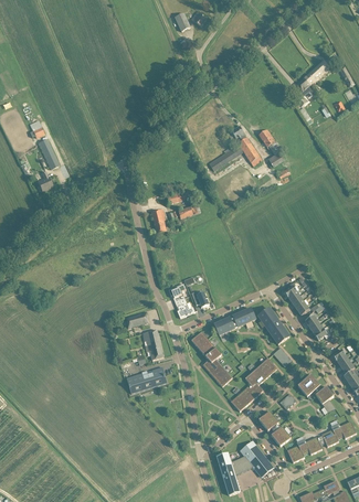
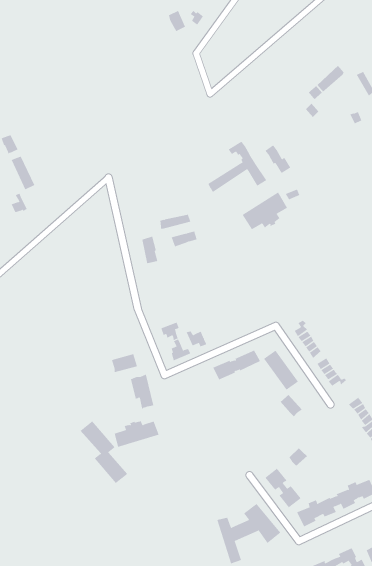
building: none -> [242,192,288,230]
building: [190,331,232,386] -> [80,421,128,484]
building: [230,357,276,410] -> none
building: [297,374,335,412] -> none

